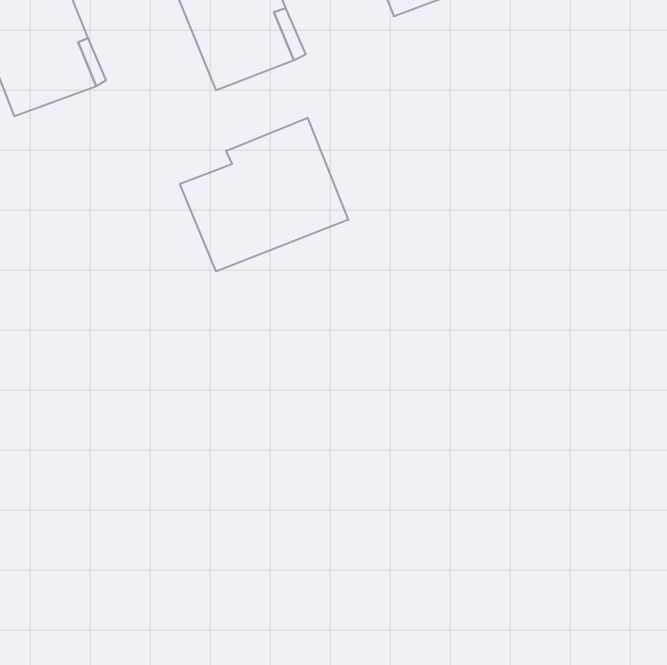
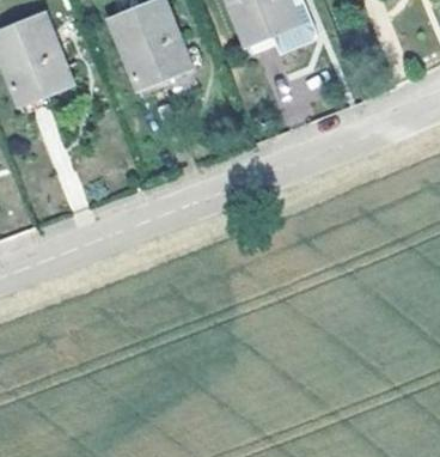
building: [180,118,348,271] -> none

